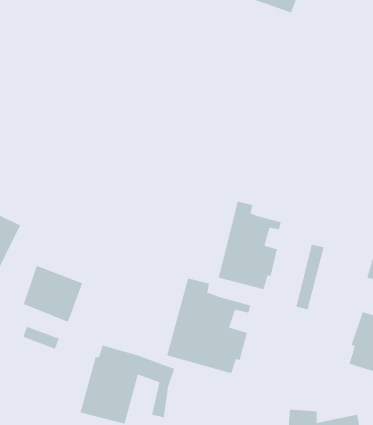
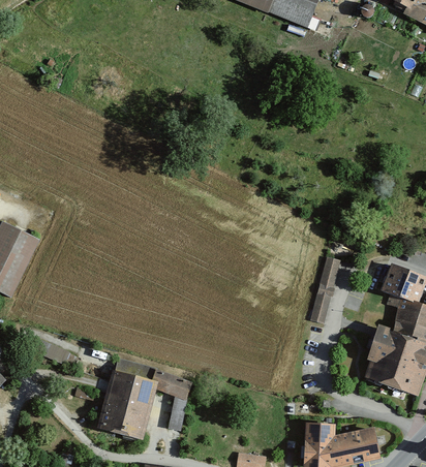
building: [218,201,282,290] -> none
building: [23,265,83,323] -> none
building: [166,277,251,374] -> none

